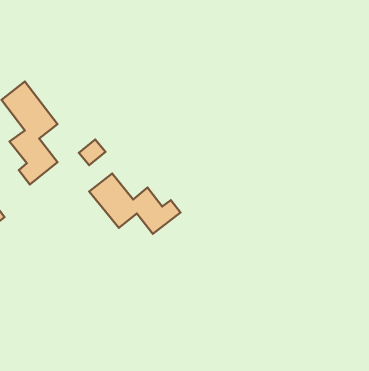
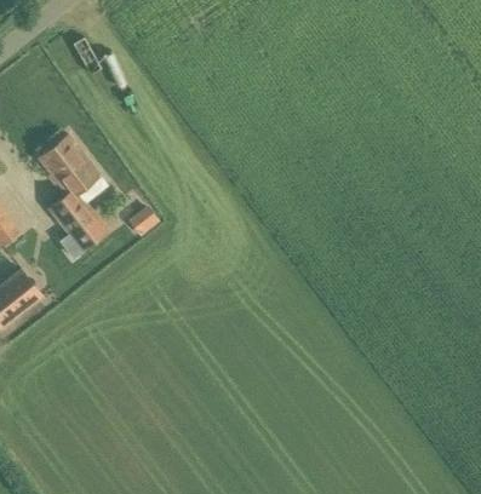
building: [89,173,180,234] -> none

